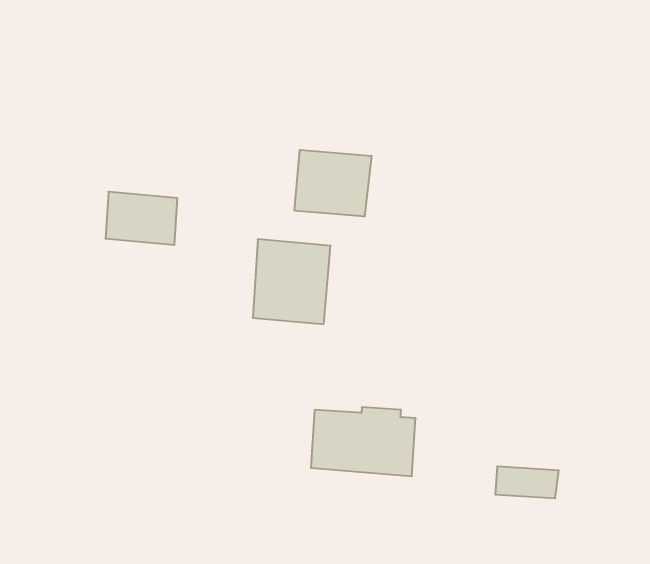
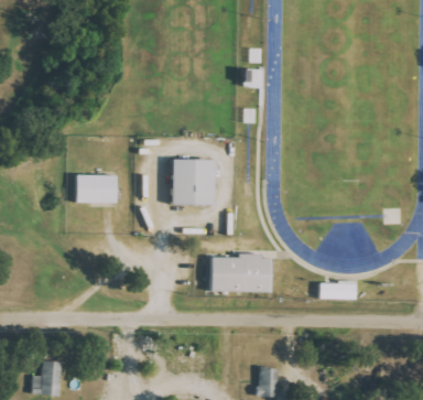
building: [295,150,372,217] -> none
building: [105,192,177,245] -> [76,174,117,203]

